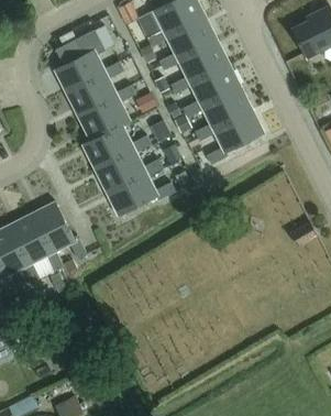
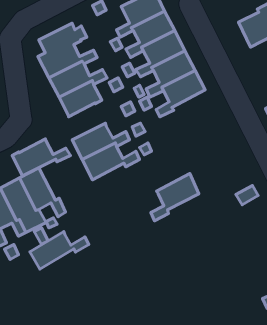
building: [207,108,264,164] -> [151,174,199,221]
building: [82,123,152,167] -> [12,139,71,176]
building: none -> [30,232,89,269]

